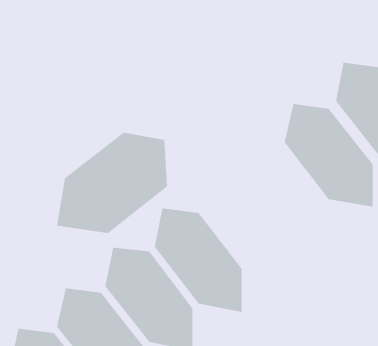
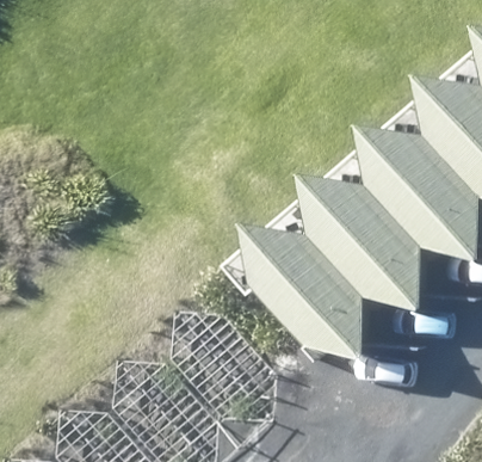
building: [56,132,168,234] -> none
building: none -> [288,186,396,313]

